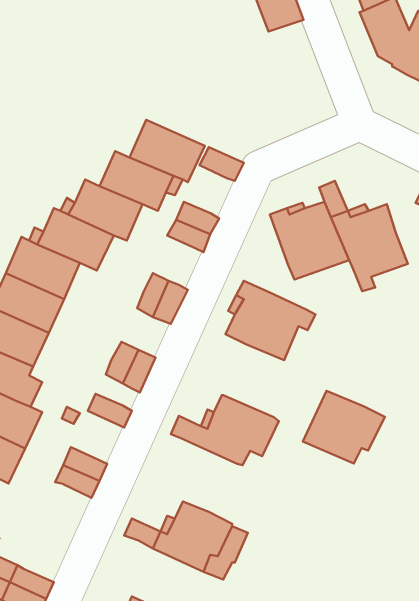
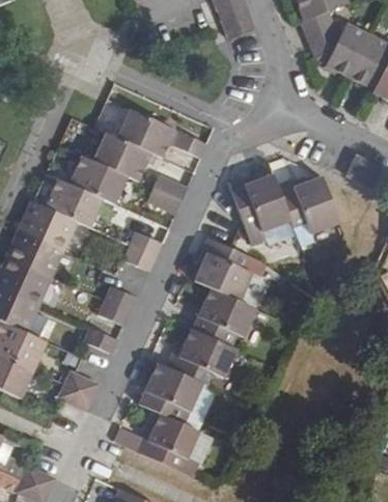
building: [303,391,385,464] -> [191,288,256,346]
building: none -> [138,363,202,422]

